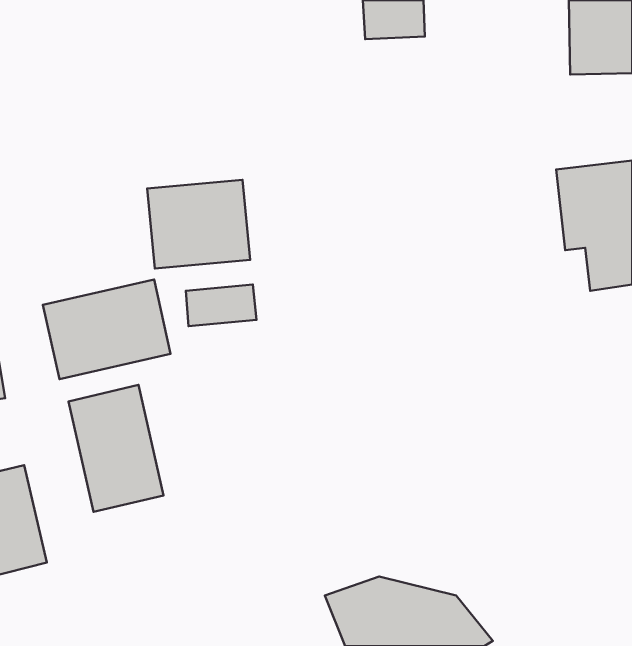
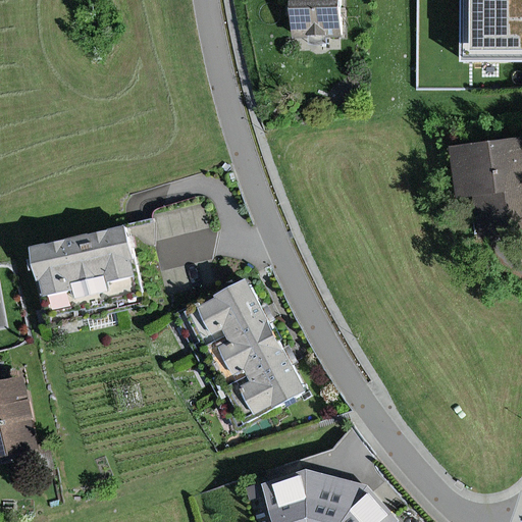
building: [147,180,250,269] -> none
building: none -> [188,276,307,419]
building: [68,385,164,512] -> none

